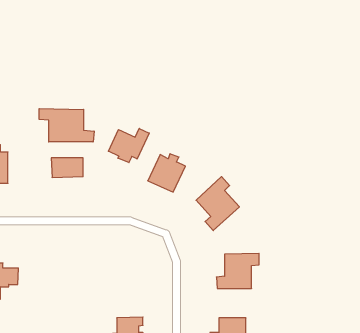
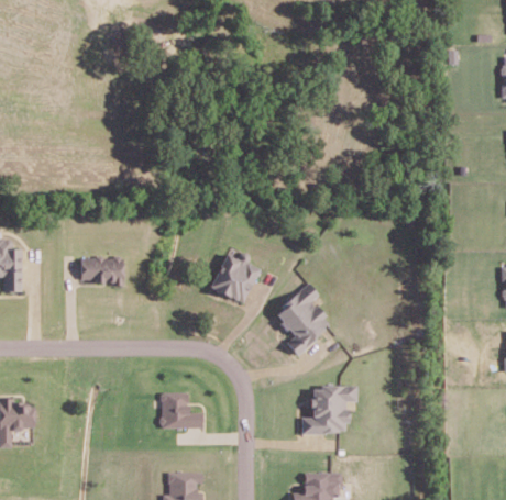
building: [39,109,94,142] -> none
building: [108,128,149,163] -> none
building: none -> [160,392,202,427]

